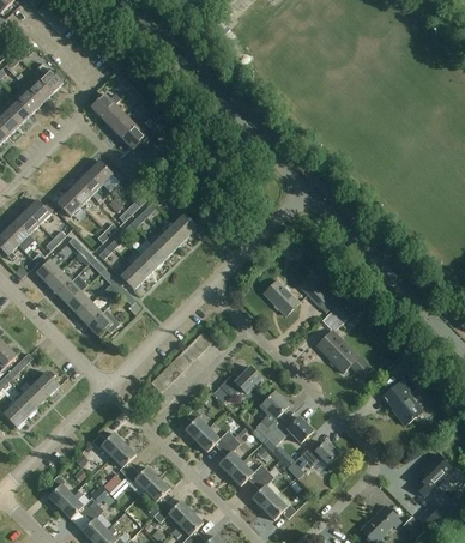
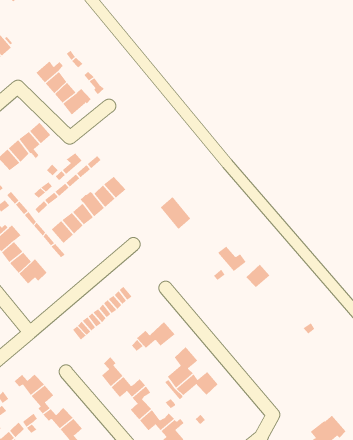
building: [264,279,298,315] -> [160,196,191,230]
building: [315,330,369,378] -> none
building: [382,376,422,424] -> none
building: [300,441,338,467] -> none

